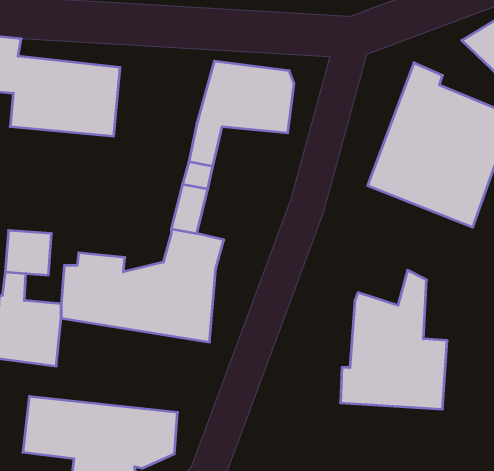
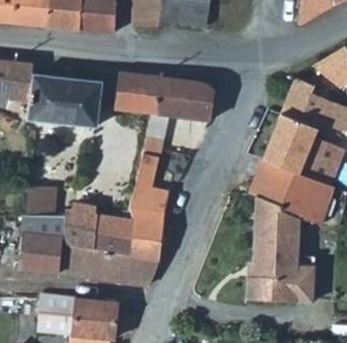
building: none -> [117,71,161,117]
building: none -> [248,157,332,235]
building: none -> [59,243,158,283]

